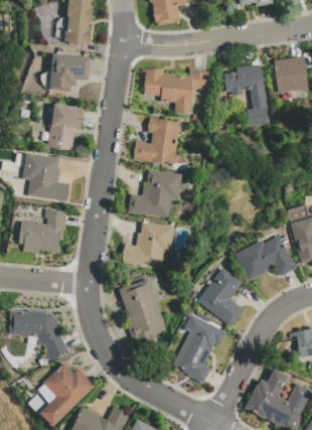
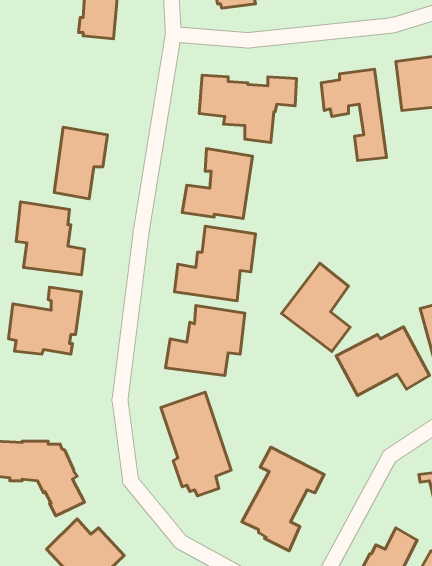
building: [49,52,90,92] -> none
building: [197,267,243,325] -> [282,263,350,352]

